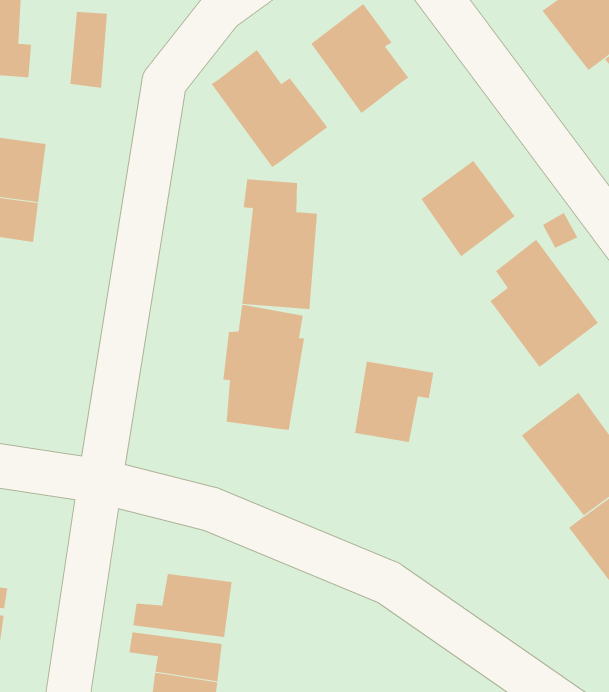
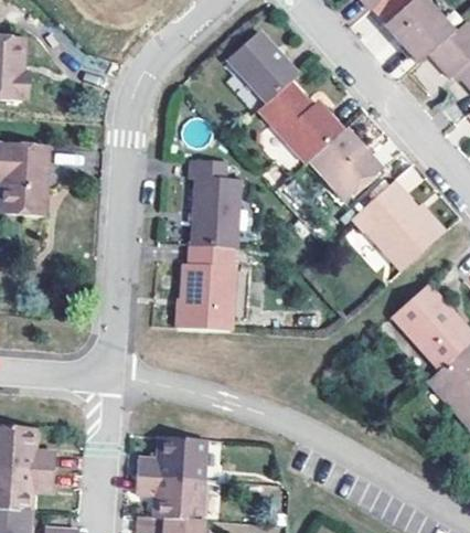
building: [70,11,108,88] -> none
building: [211,49,328,168] -> [260,85,343,166]
building: [354,361,434,443] -> none

